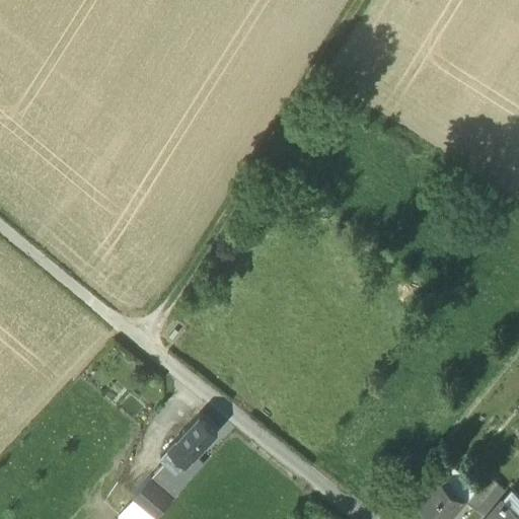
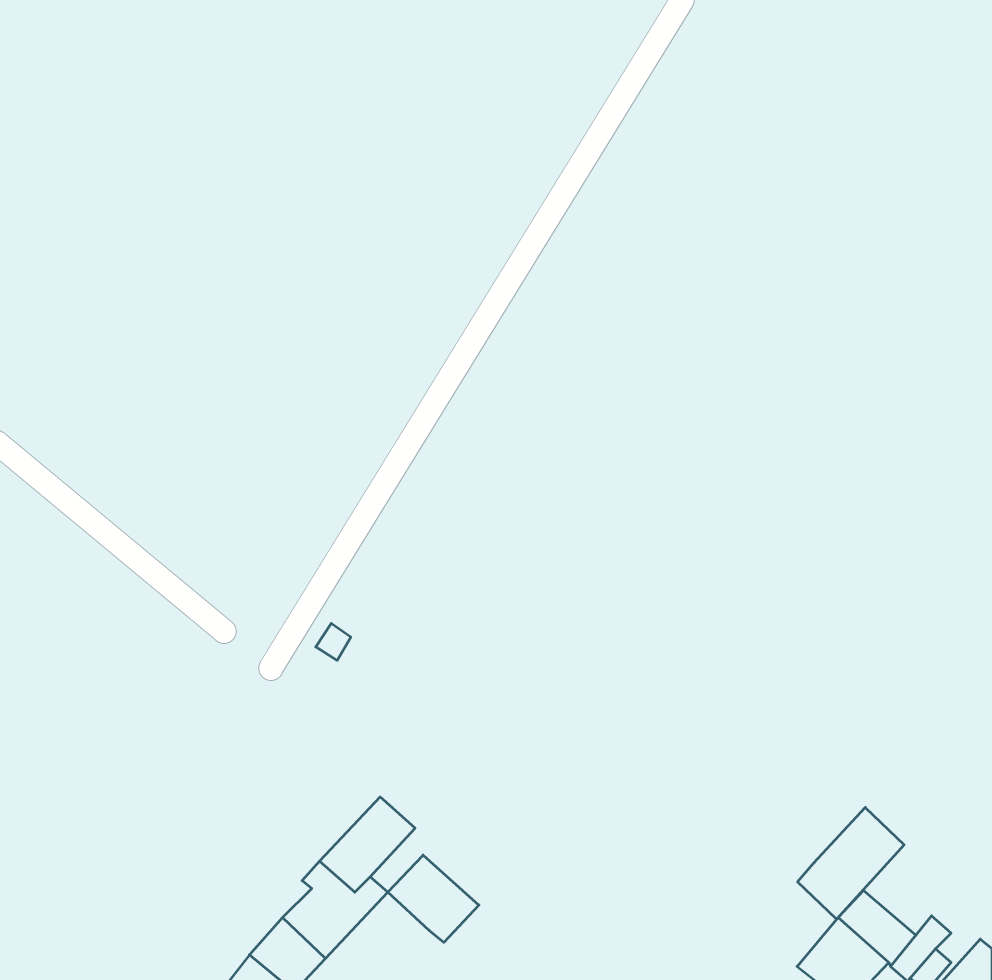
building: none -> [798,807,904,919]
building: none -> [388,855,479,942]

